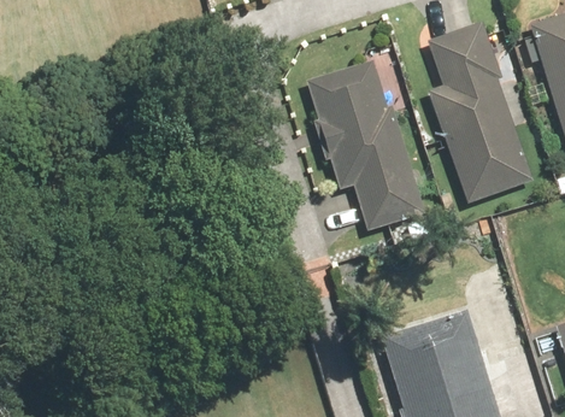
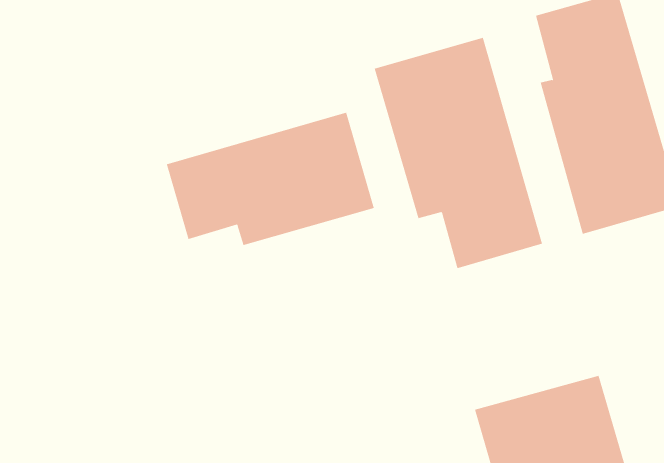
building: none -> [166,112,375,246]

